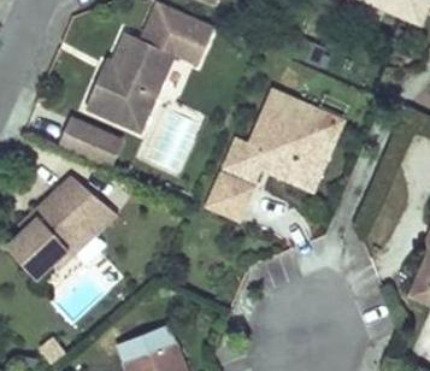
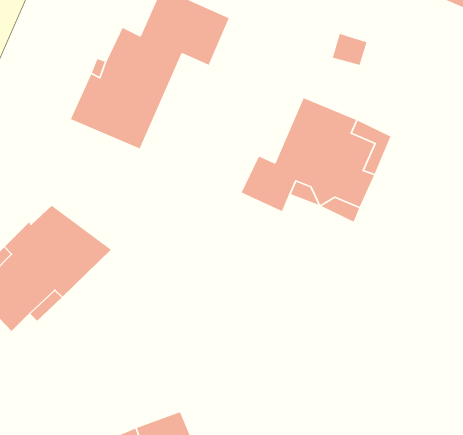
building: [58,117,120,167] -> none
building: [206,173,253,220] -> none

